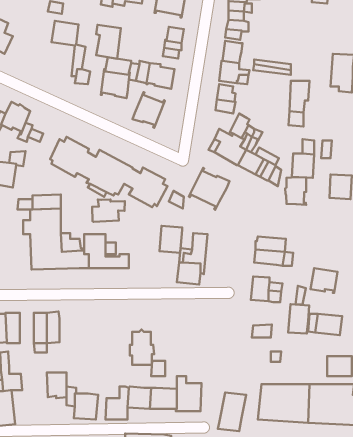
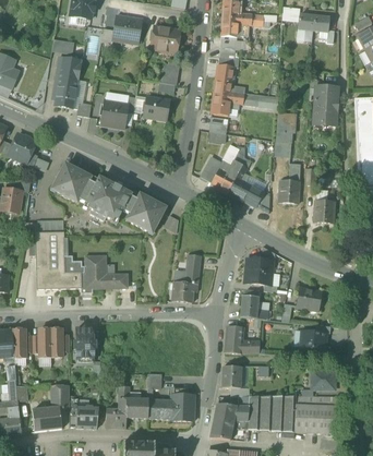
building: [96,25,121,59] -> [55,76,77,108]
building: [132,92,165,128] -> none
building: [189,168,230,210] -> none
building: [285,177,307,205] -> none
building: [92,199,125,222] -> none
building: [159,226,182,253] -> none
building: [288,304,309,334] -> [225,325,244,352]
building: [130,330,154,365] -> [74,325,97,358]
building: none -> [221,365,242,387]
building: none -> [232,395,251,428]
building: none -> [33,406,62,431]

